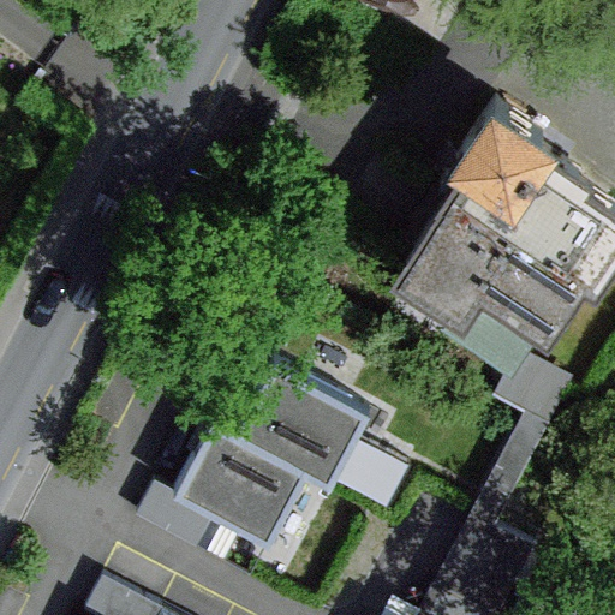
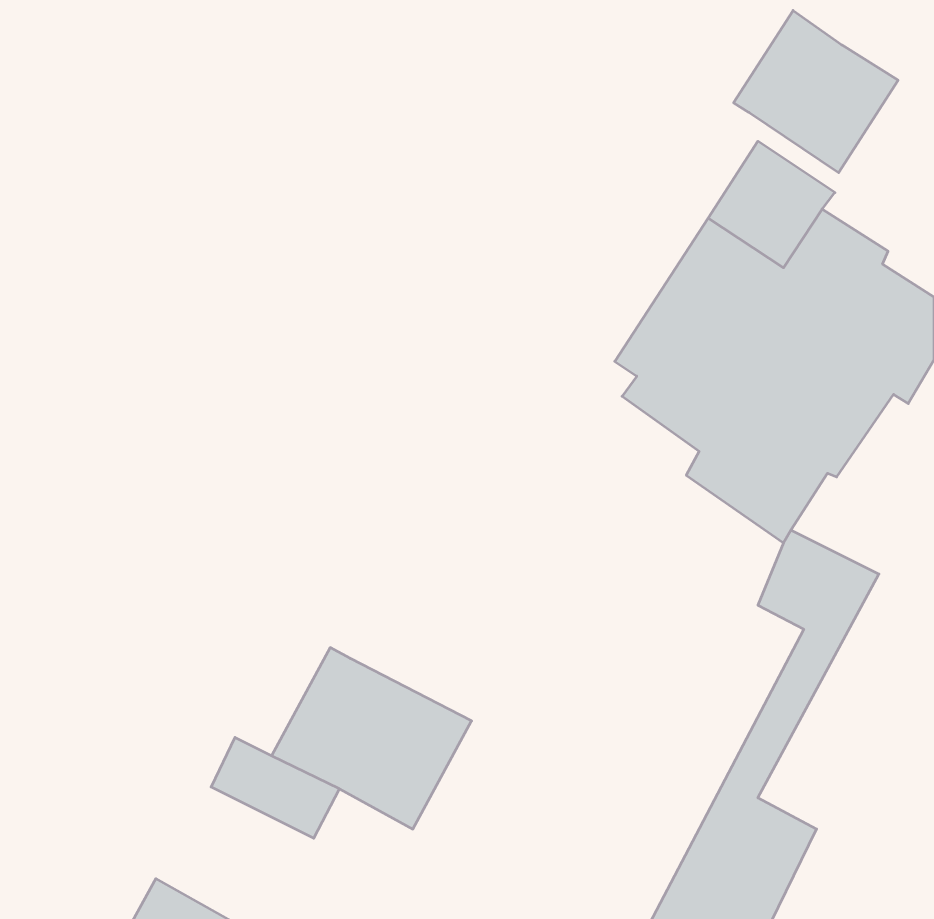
building: none -> [734,10,898,173]
building: [229,365,368,494] -> none

